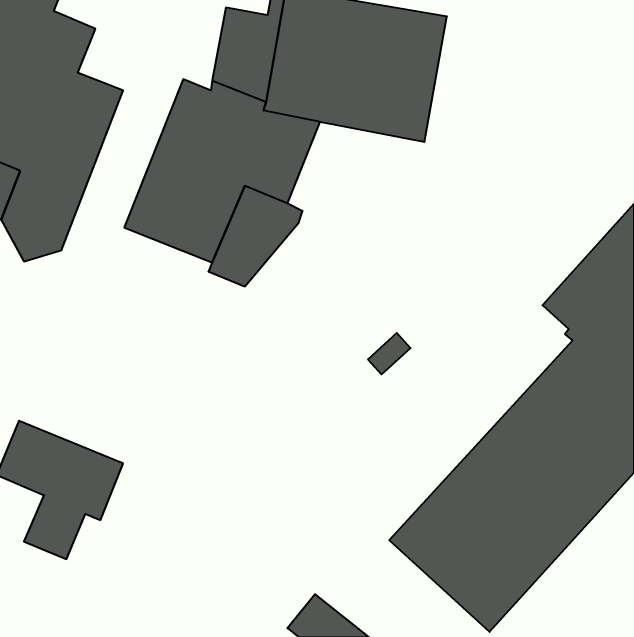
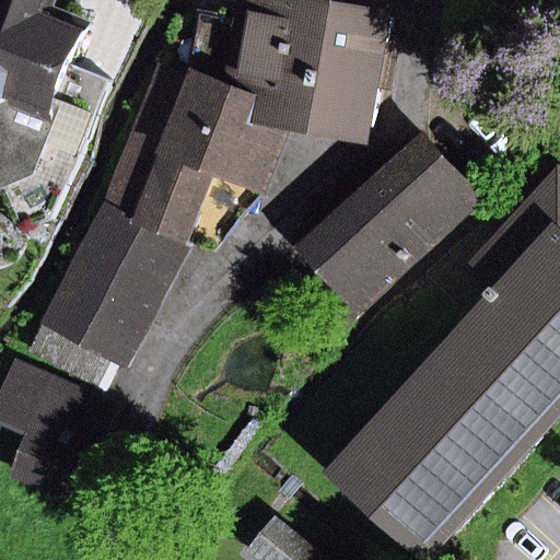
building: none -> [311,139,476,299]
building: none -> [35,207,179,380]

